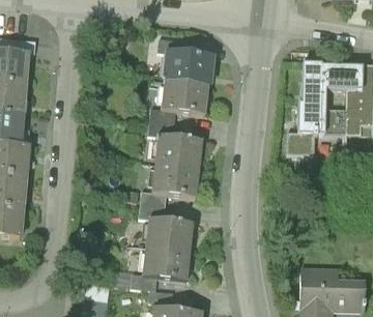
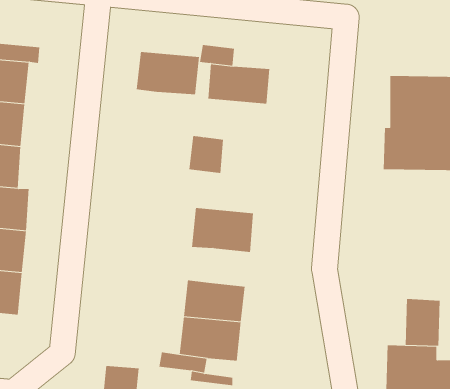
building: [162,81,210,114] -> [136,51,200,95]
building: [155,136,203,168] -> none
building: [140,193,169,221] -> none
building: none -> [405,298,440,346]

